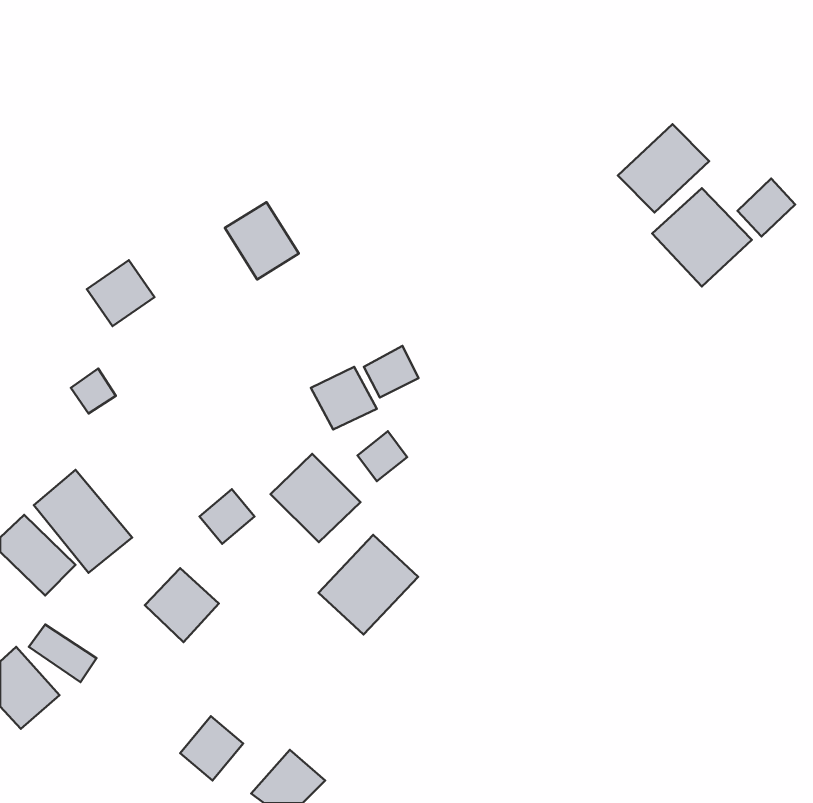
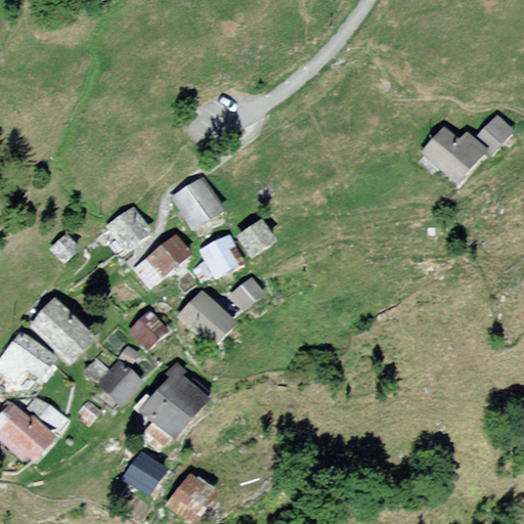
building: [618,124,709,213] -> none
building: [225,202,299,279] -> [176,177,223,226]
building: [87,260,154,326] -> [108,208,151,250]
building: none -> [136,234,192,285]
building: [318,535,418,635] -> [140,375,204,438]

